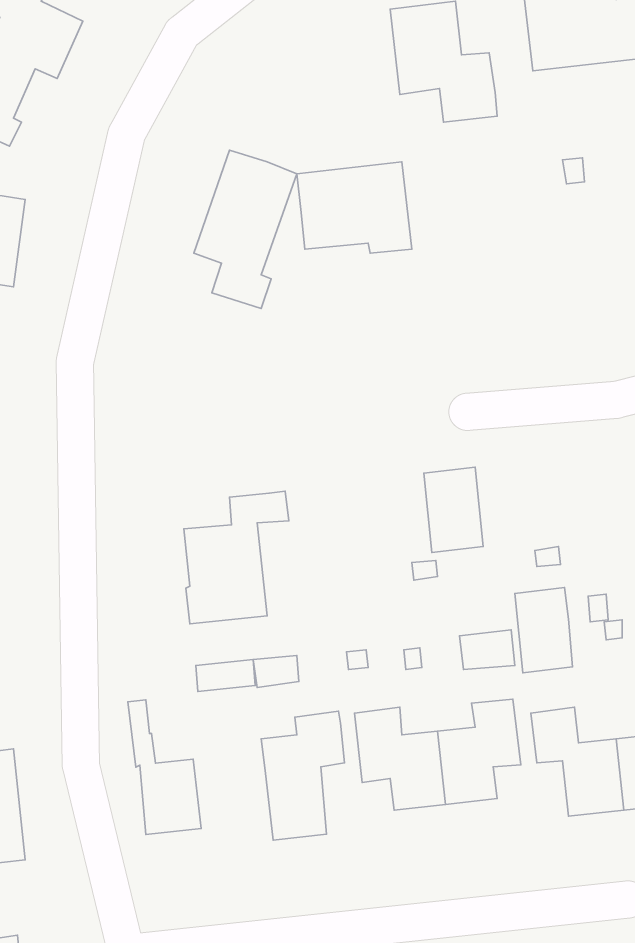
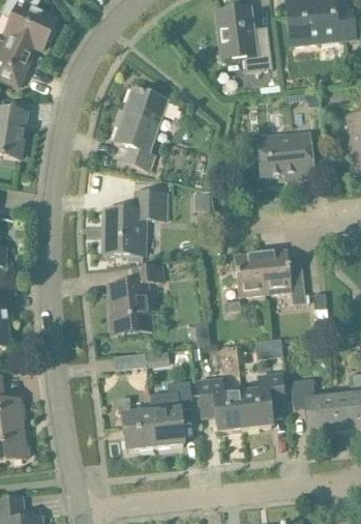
building: [297,162,412,253] -> [255,130,315,178]
building: none -> [103,191,167,254]
building: [515,588,572,673] -> [261,249,291,293]
building: [128,700,201,835] -> [117,379,155,449]

